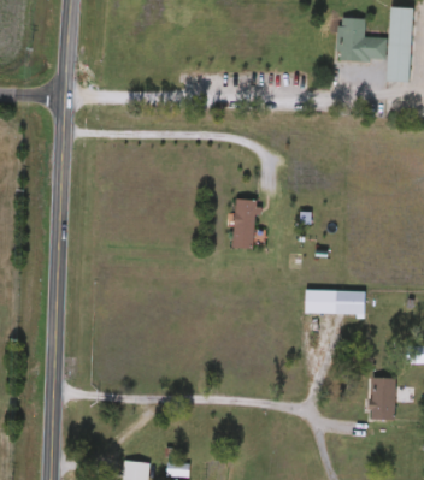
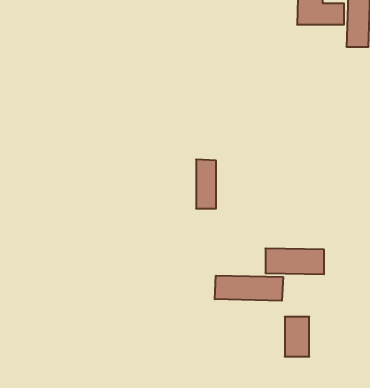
building: none -> [215,276,283,301]
building: [370,378,395,419] -> [285,317,309,357]

